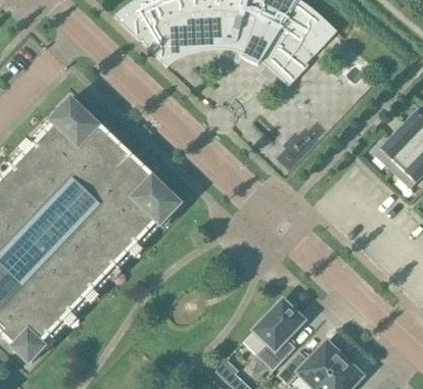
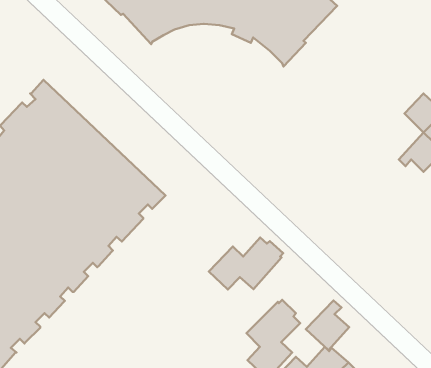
building: [379,129,415,171] -> none
building: none -> [209,238,283,289]
building: none -> [306,301,349,350]

